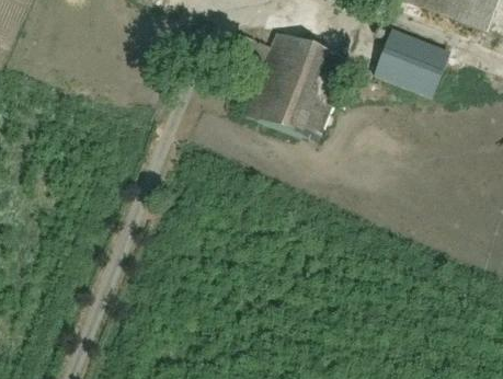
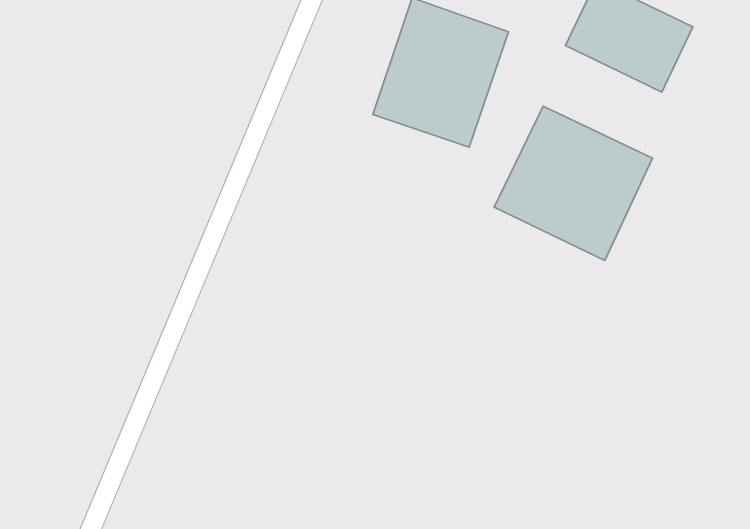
building: none -> [494,106,652,261]

